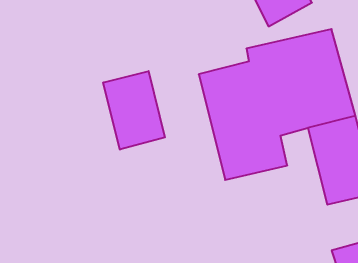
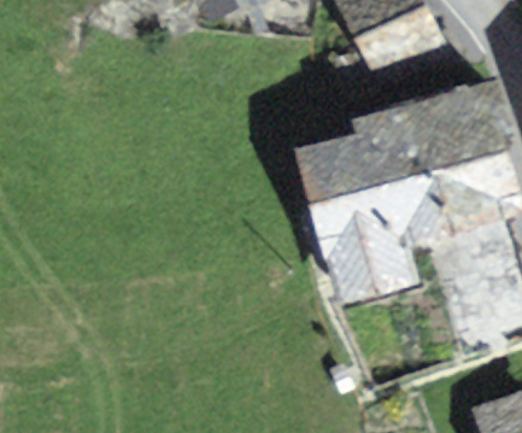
building: [103,71,165,150] -> none

